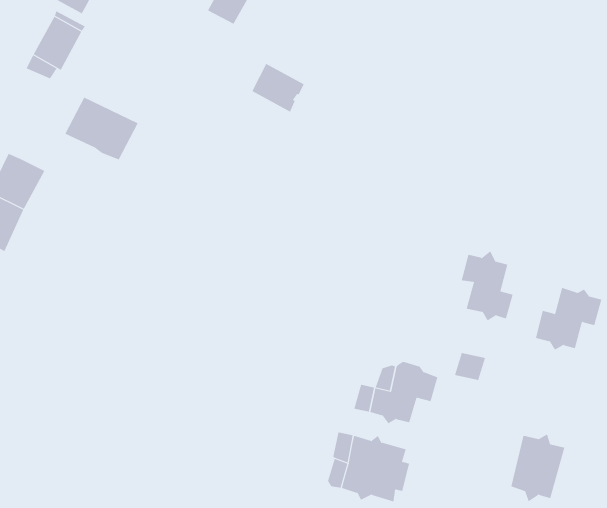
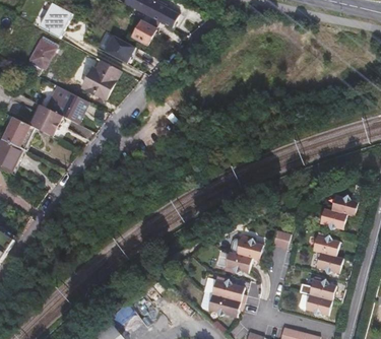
building: none -> [82,58,121,99]
building: [252,63,305,112] -> [105,36,135,64]
building: none -> [30,104,65,137]
building: [461,251,514,321] -> [312,234,342,275]

